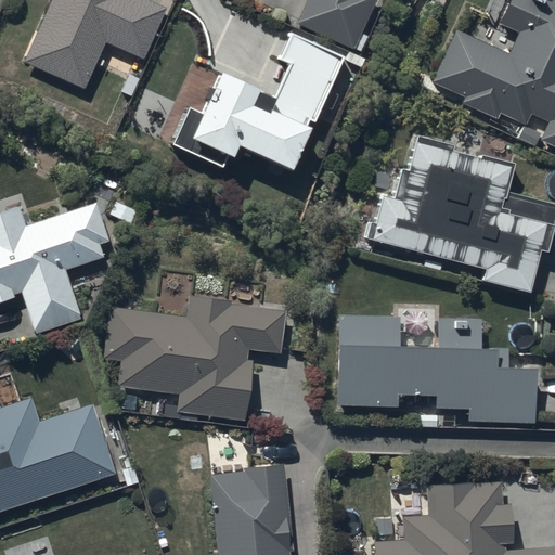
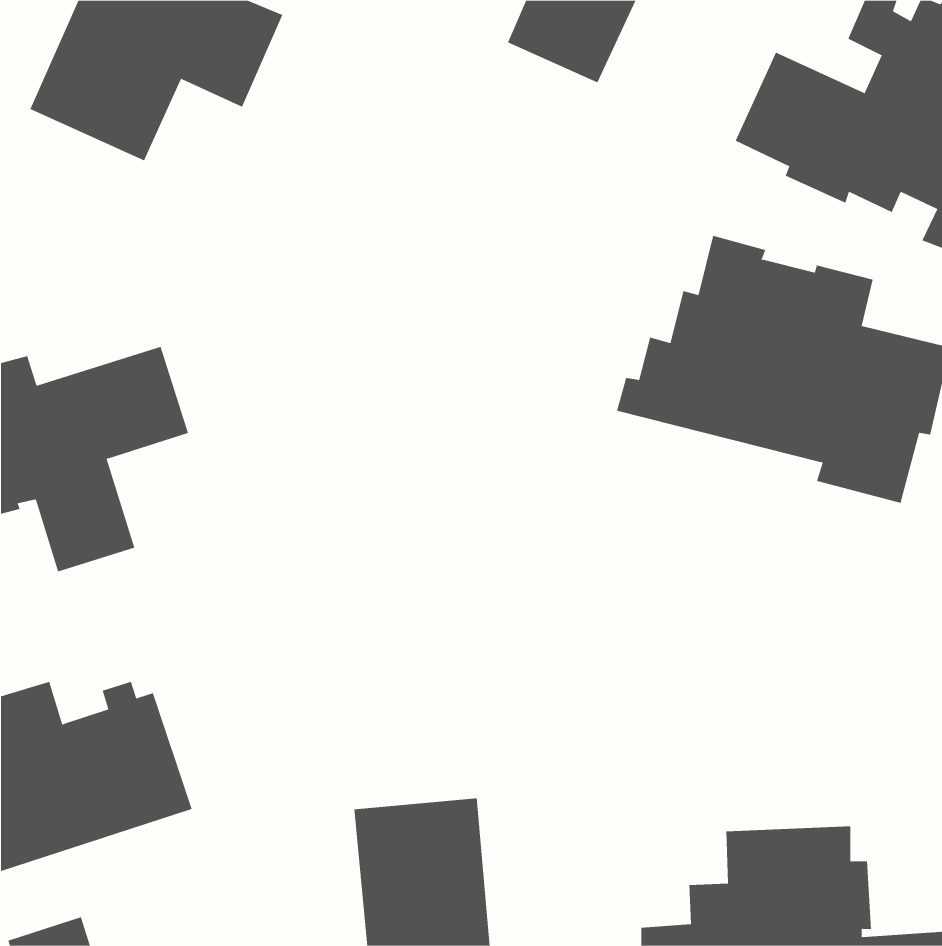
building: [172,33,344,170] -> none
building: [104,298,285,421] -> none
building: [337,317,533,423] -> none

